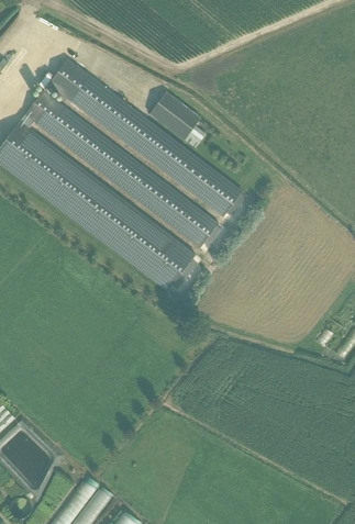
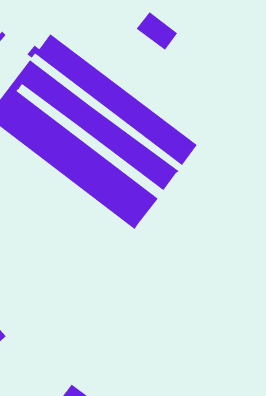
building: [147,90,198,137] -> [136,11,178,51]

